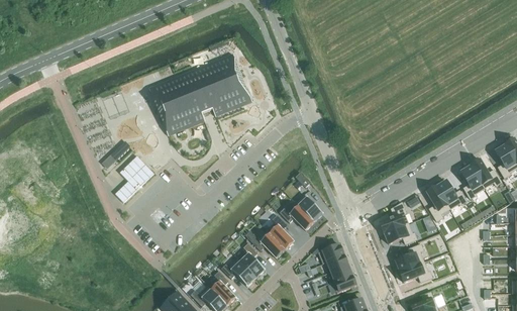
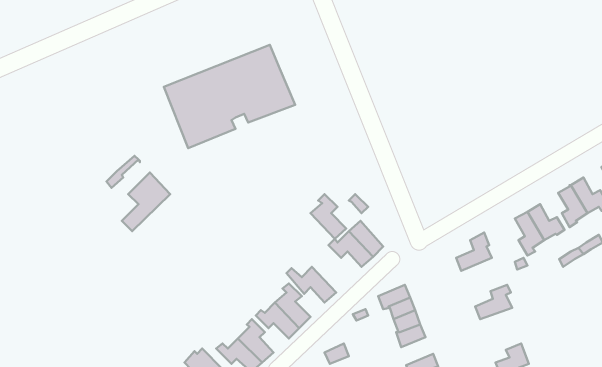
building: [266,214,294,249] -> [311,194,346,239]
building: [384,222,417,243] -> none
building: [399,262,432,282] -> none

